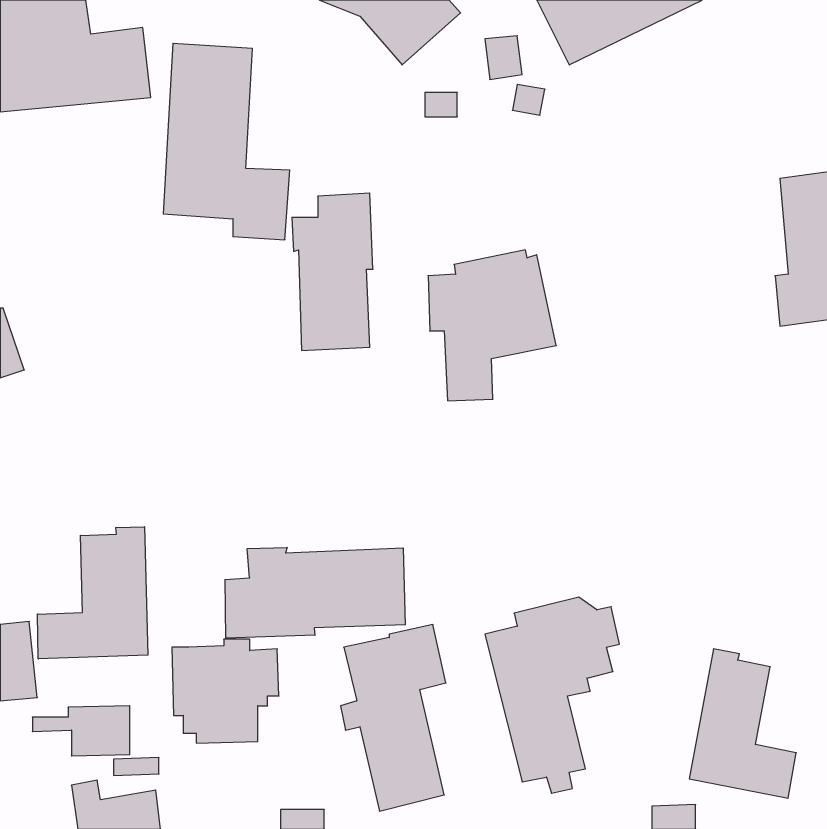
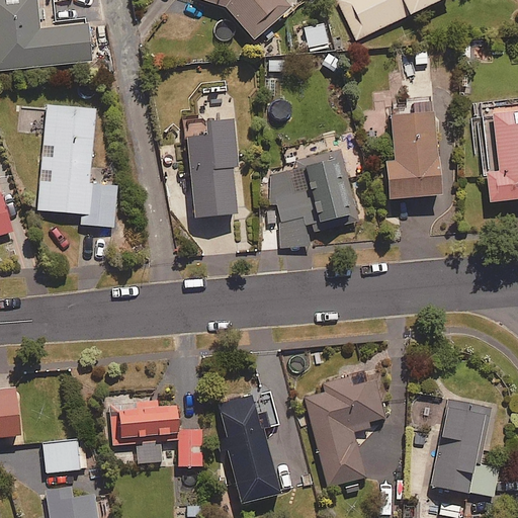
building: [163,43,290,240] -> [40,104,119,227]
building: none -> [372,92,437,199]
building: [37,527,148,659] -> none
building: [225,547,405,638] -> none
building: none -> [177,431,201,467]

